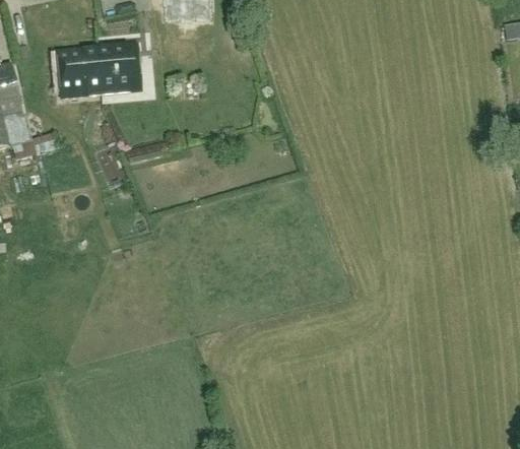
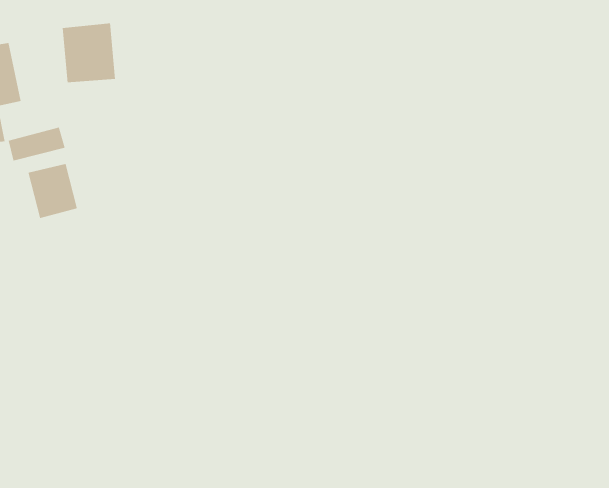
building: [94,42,140,92] -> none
building: none -> [28,163,78,219]

